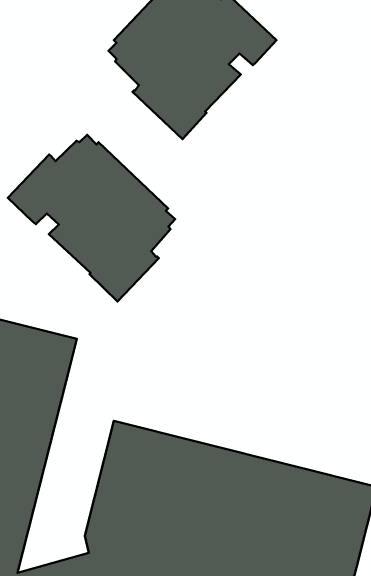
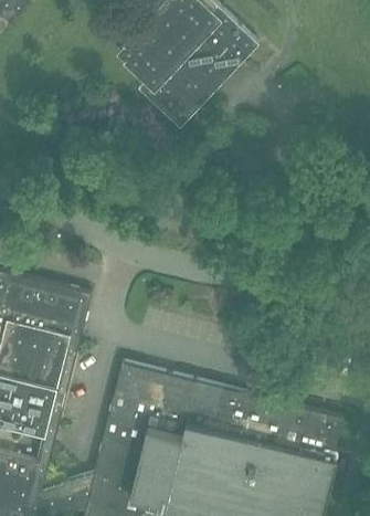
building: [8,135,175,302] -> none

